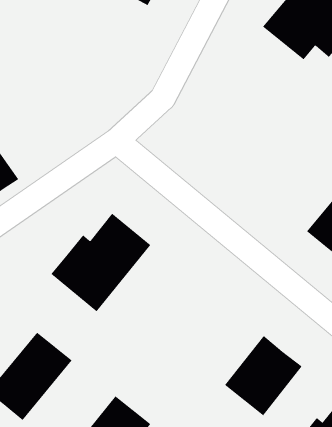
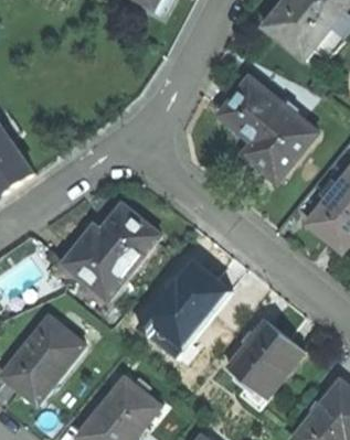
building: none -> [218,78,316,181]
building: none -> [150,265,229,342]

